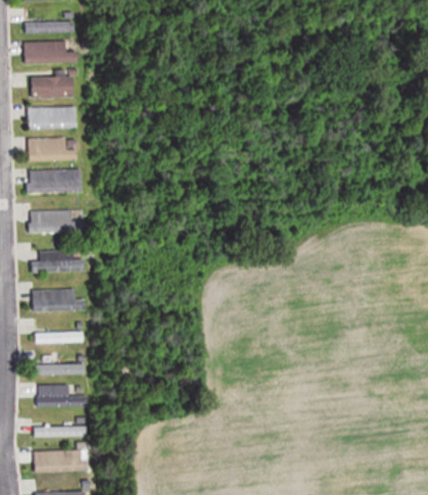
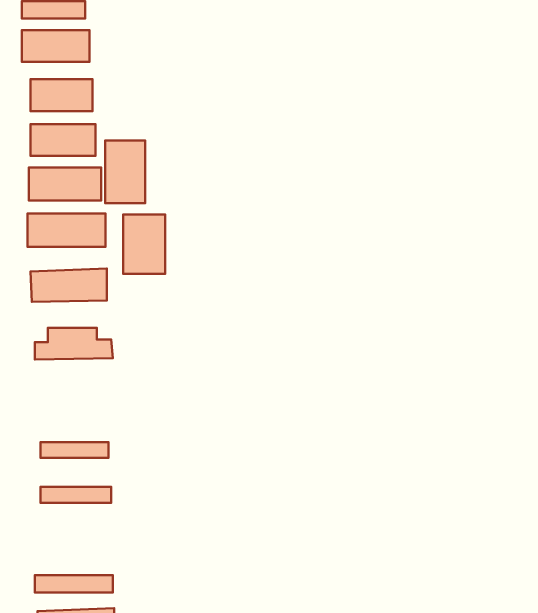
building: none -> [105,140,145,203]
building: none -> [123,214,165,274]
building: [33,290,81,311] -> none
building: [36,385,79,406] -> none

